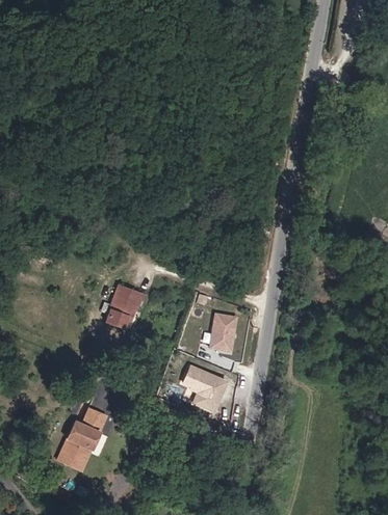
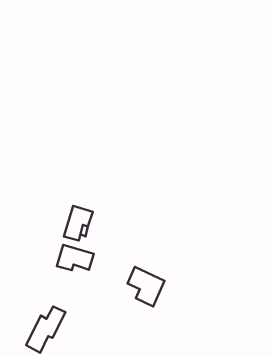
building: [211,311,241,352] -> none
building: none -> [57,245,94,270]

